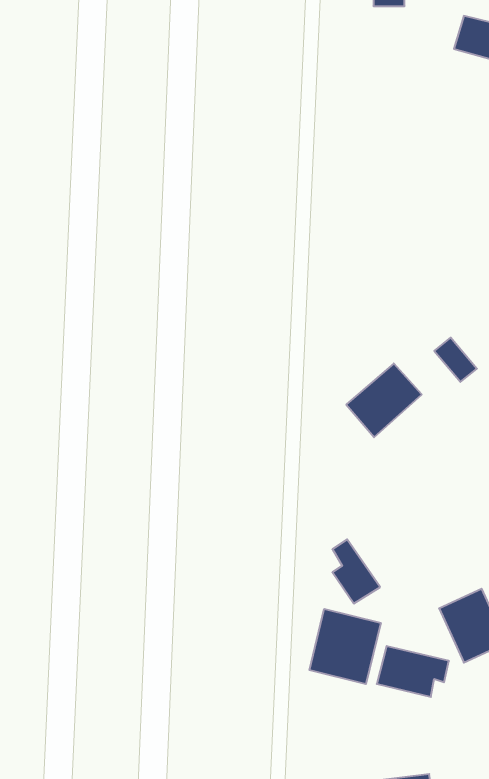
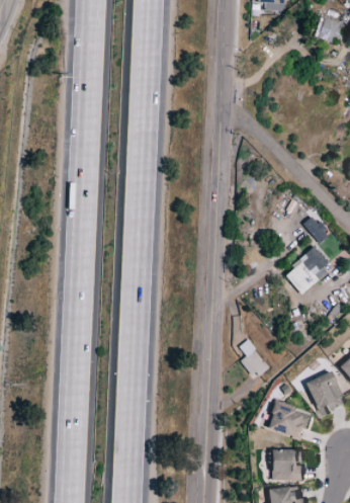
building: [346,363,422,437] -> [283,249,330,295]
building: [309,609,381,684] -> none
building: none -> [270,449,303,481]

